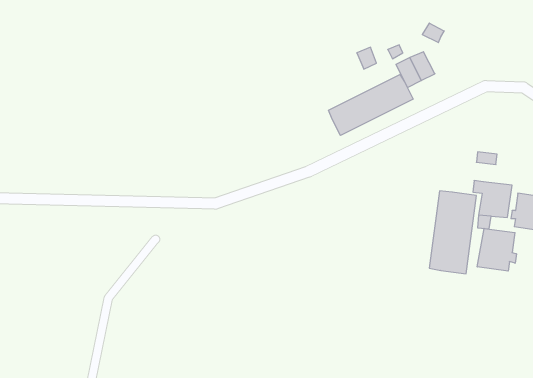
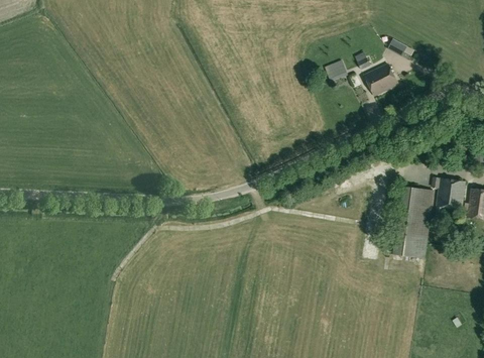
building: [328,74,413,135] -> none
building: [477,228,516,271] -> none

